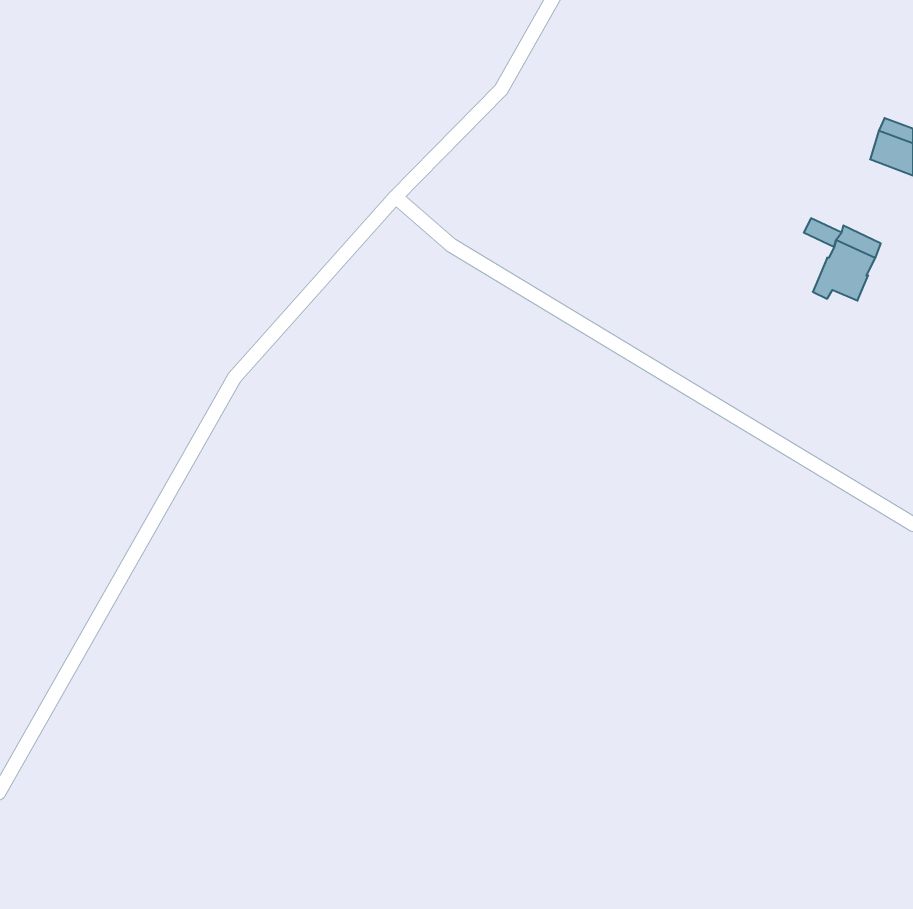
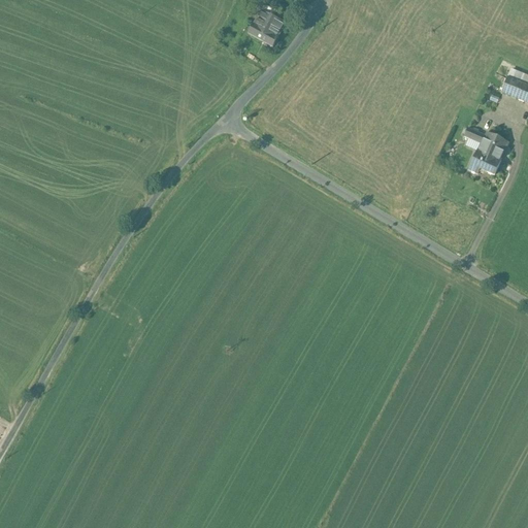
building: none -> [250,9,288,45]

